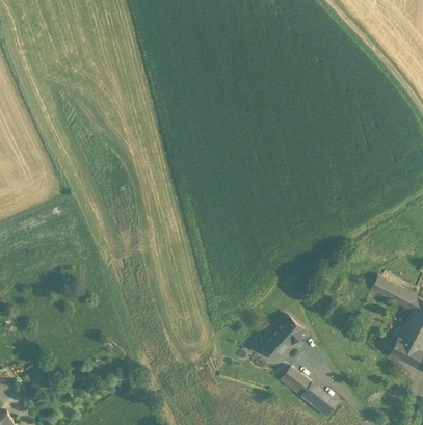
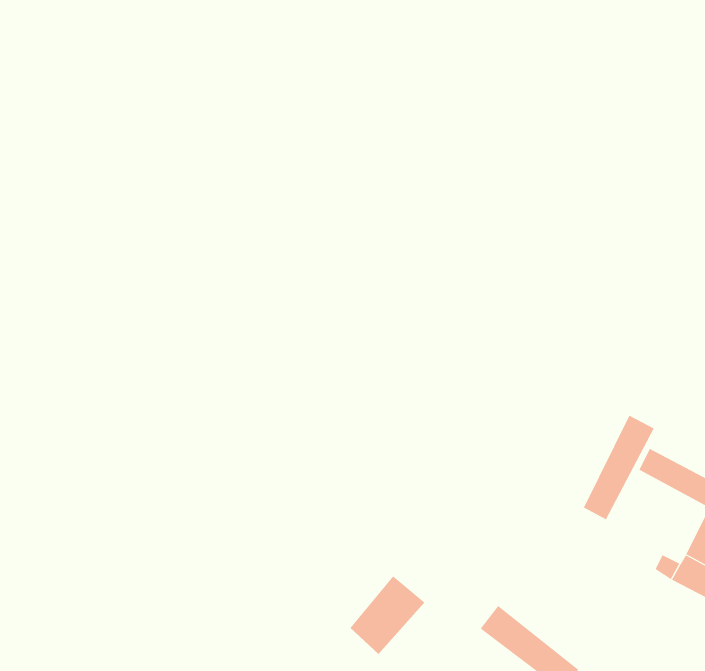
building: none -> [583,415,655,520]
building: [259,314,302,360] -> [350,576,425,655]

